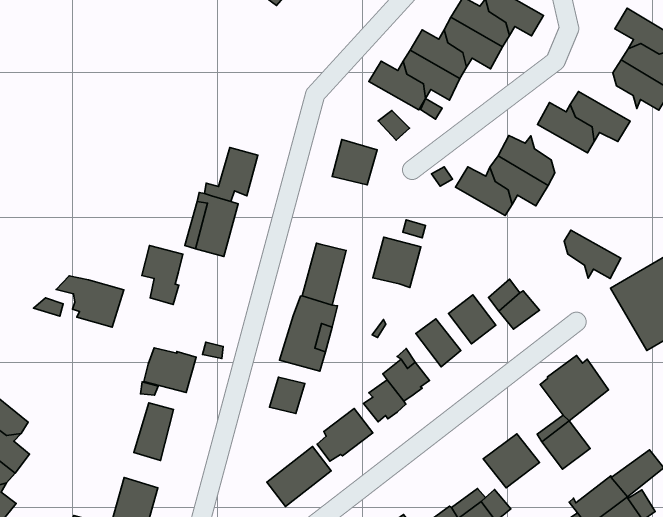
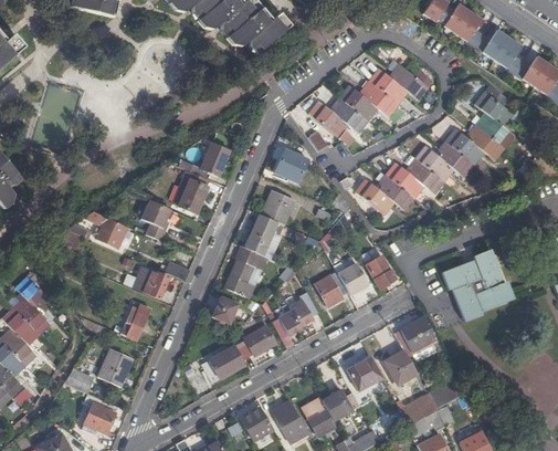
building: none -> [444,127,481,164]
building: [564,230,621,278] -> [409,157,444,192]
building: [373,237,421,287] -> [261,189,295,224]

